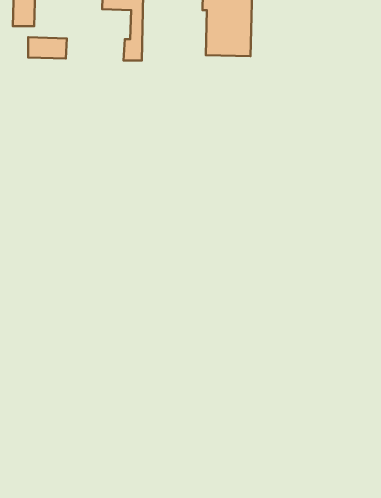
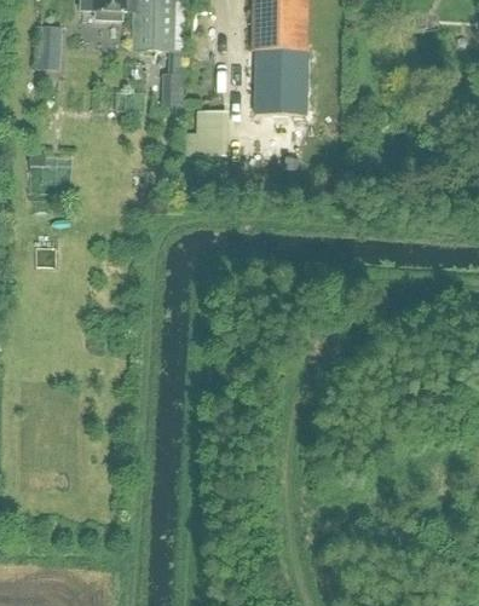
building: [28,37,67,59] -> none

